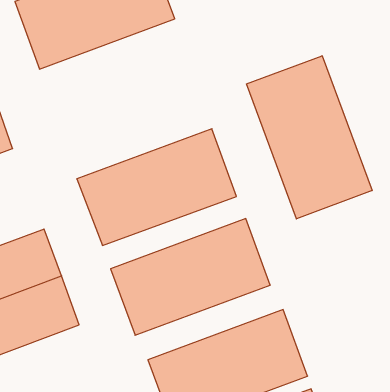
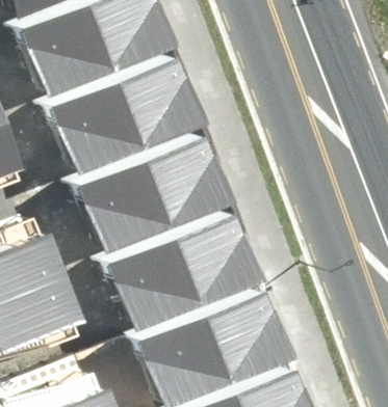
building: none -> [52,65,196,169]
building: [246,56,372,219] -> none

